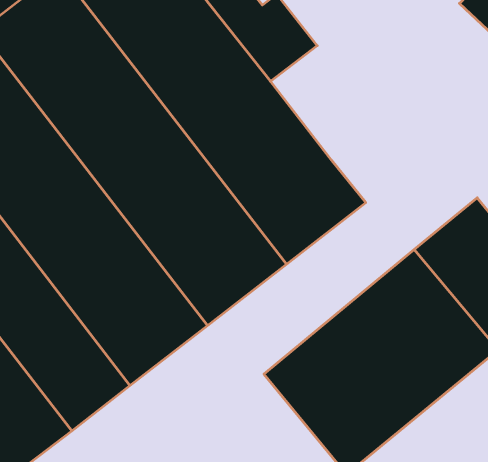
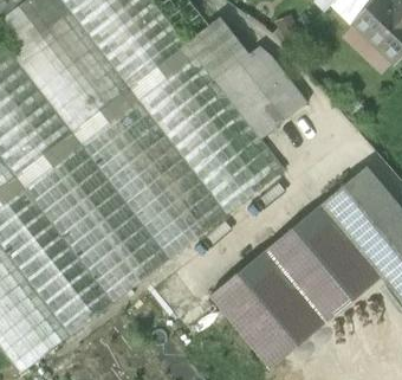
building: none -> [216,46,309,139]

